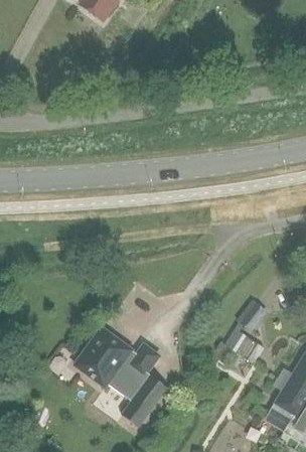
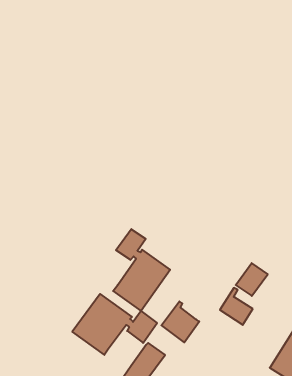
building: none -> [113,229,170,311]
building: [111,358,149,400] -> [161,301,199,342]

